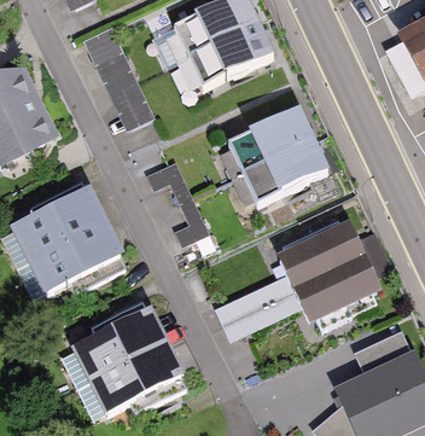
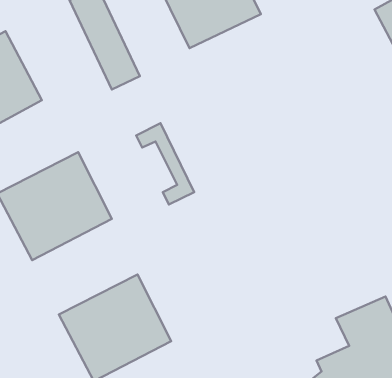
building: [226,105,328,202] -> none
building: [211,221,378,341] -> none

